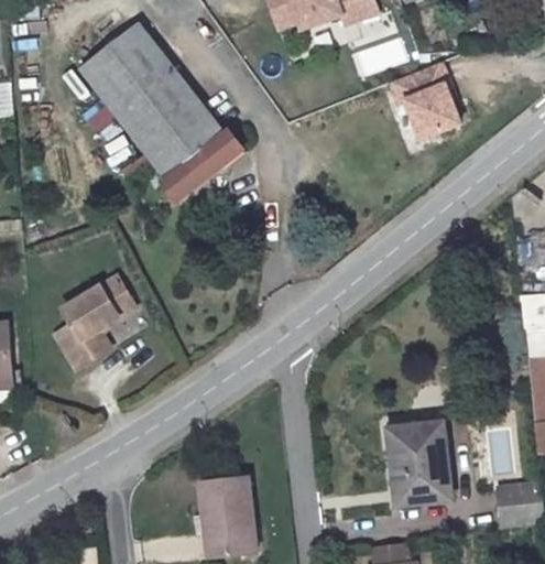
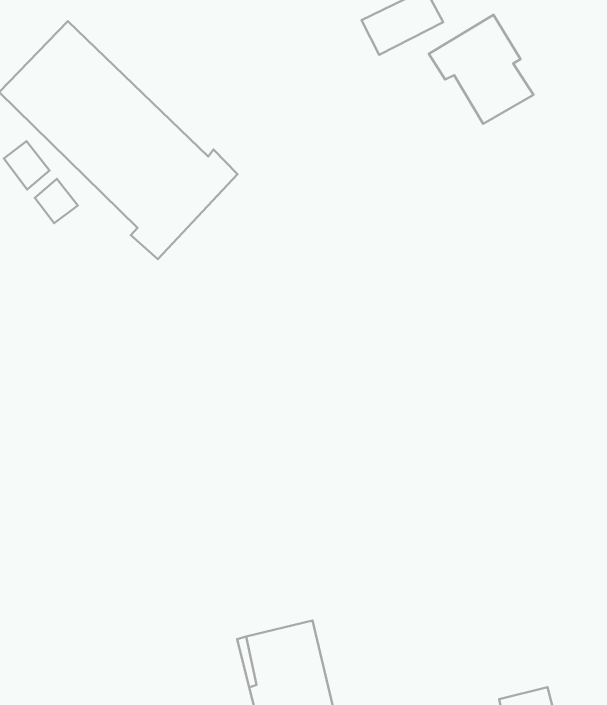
building: [58,274,142,367] -> none
building: [390,422,448,505] -> none

